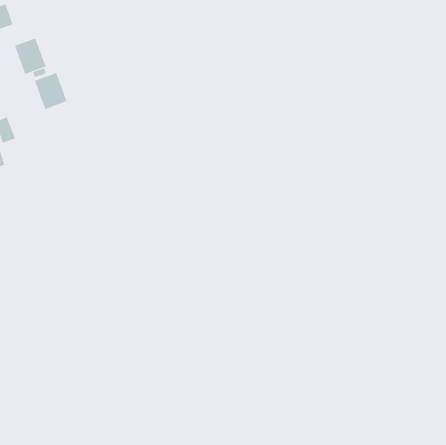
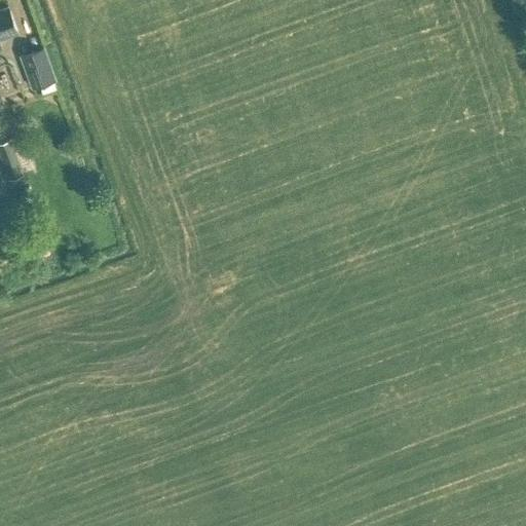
building: [34,72,67,110] -> none

